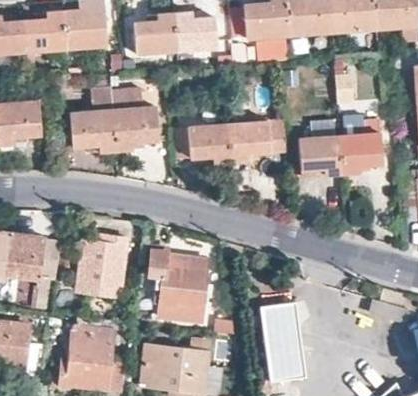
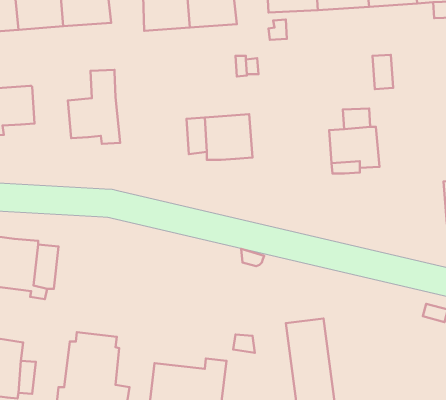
building: [112,87,161,150] -> none
building: [341,118,384,171] -> none
building: [230,122,287,163] -> none
building: [81,236,128,297] -> none
building: [146,246,206,319] -> none

